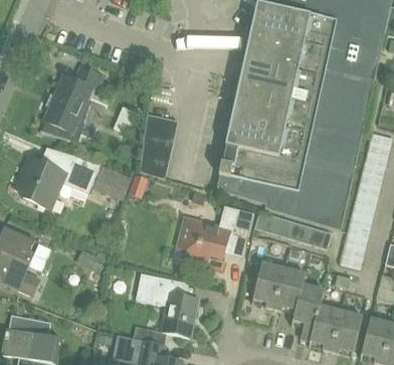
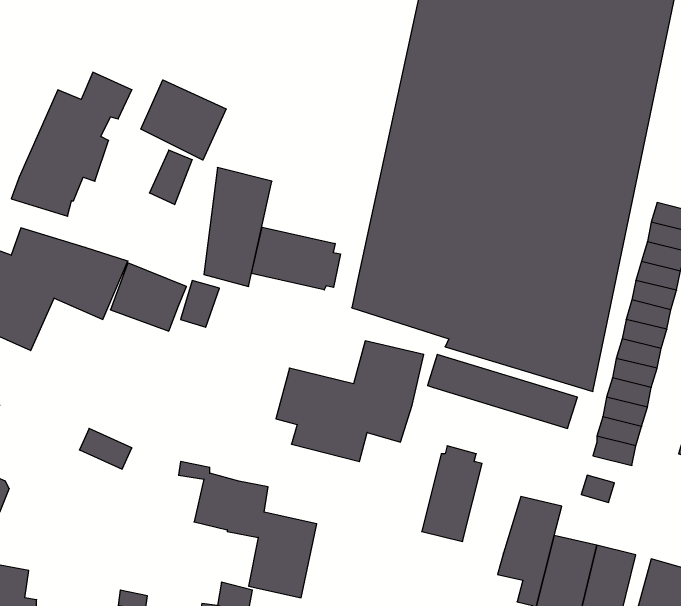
building: none -> [141,80,226,160]
building: none -> [251,227,340,290]
building: [273,266,306,313] -> none

